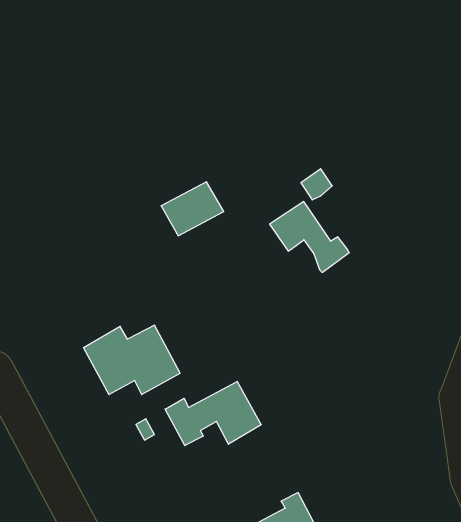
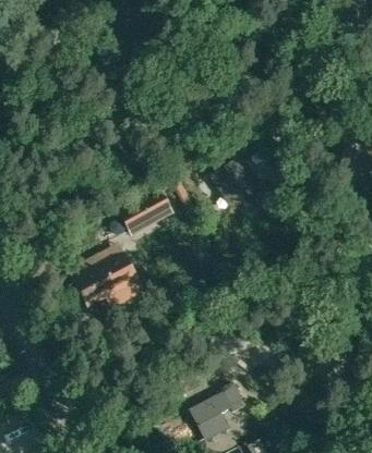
building: [161,182,224,236] -> [128,193,176,234]
building: [165,381,261,446] -> none

